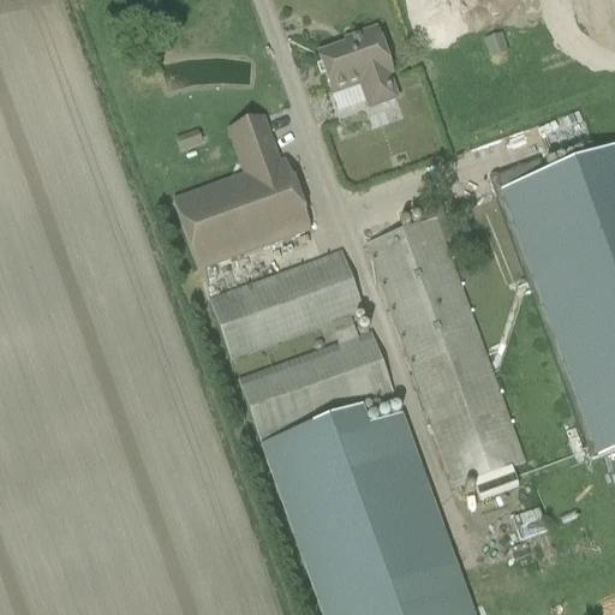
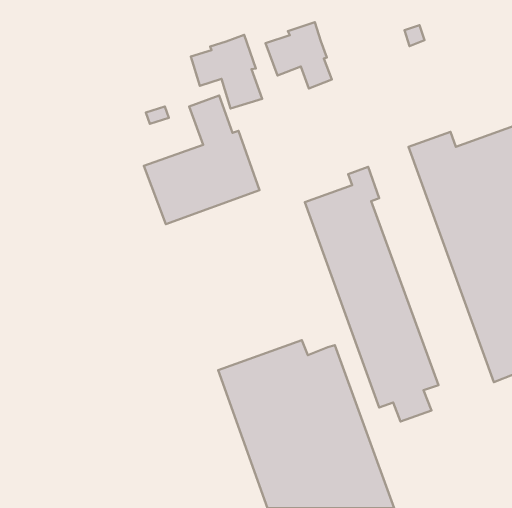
building: none -> [191,35,262,108]
building: [209,247,395,441] -> none

